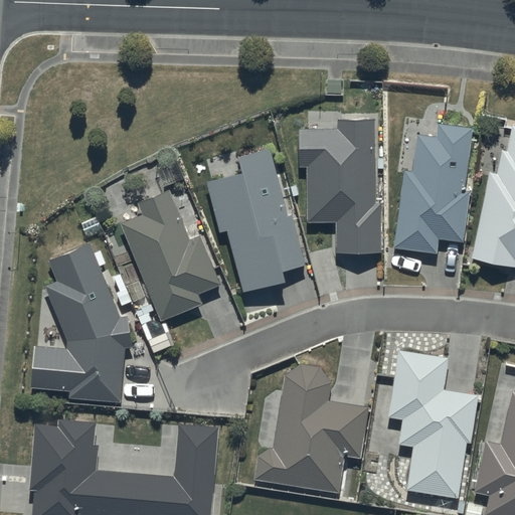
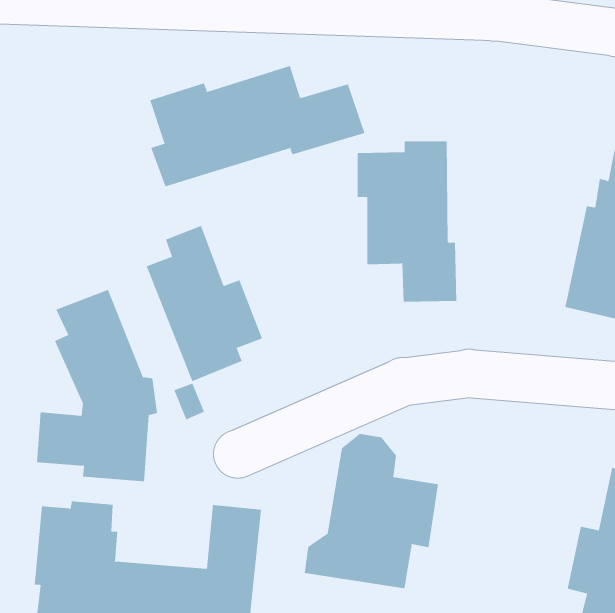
building: none -> [149,65,365,187]
building: [393,125,472,253] -> none
building: [207,150,304,291] -> none
building: [387,351,479,498] -> none

